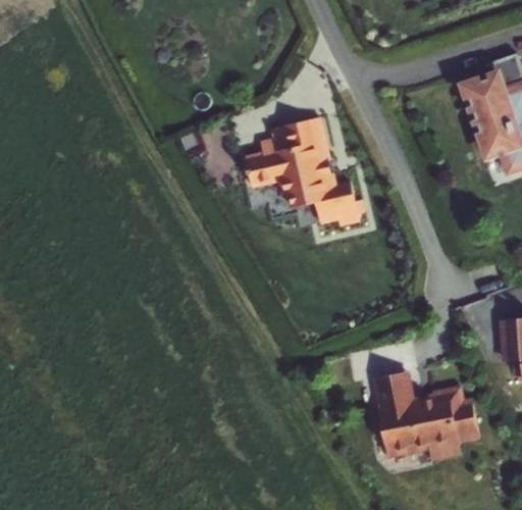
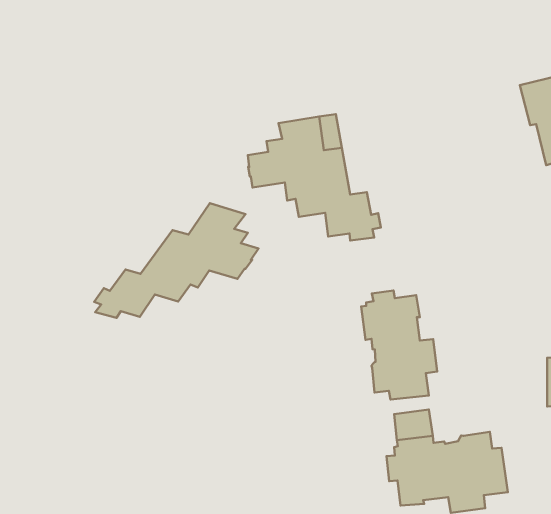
building: none -> [94,203,259,318]
building: none -> [361,291,437,400]

